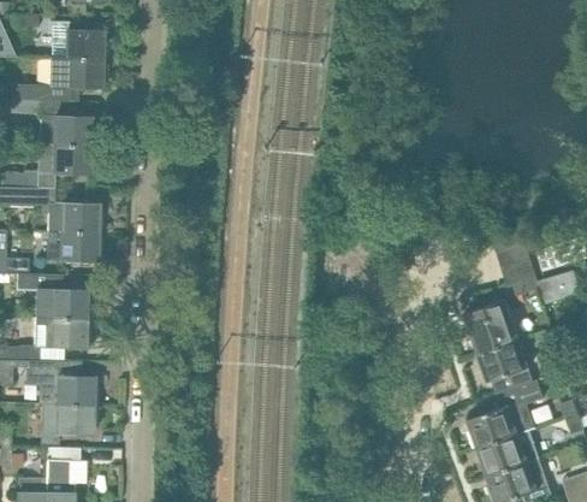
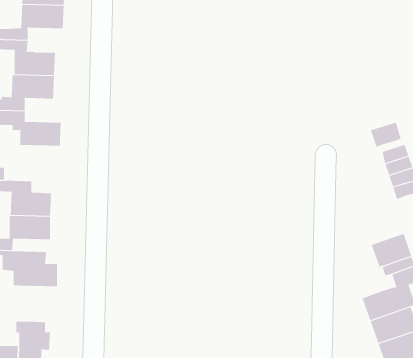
building: none -> [370,122,403,148]
building: [46,231,97,261] -> none
building: [463,300,520,354] -> none
building: [45,404,94,445] -> none

